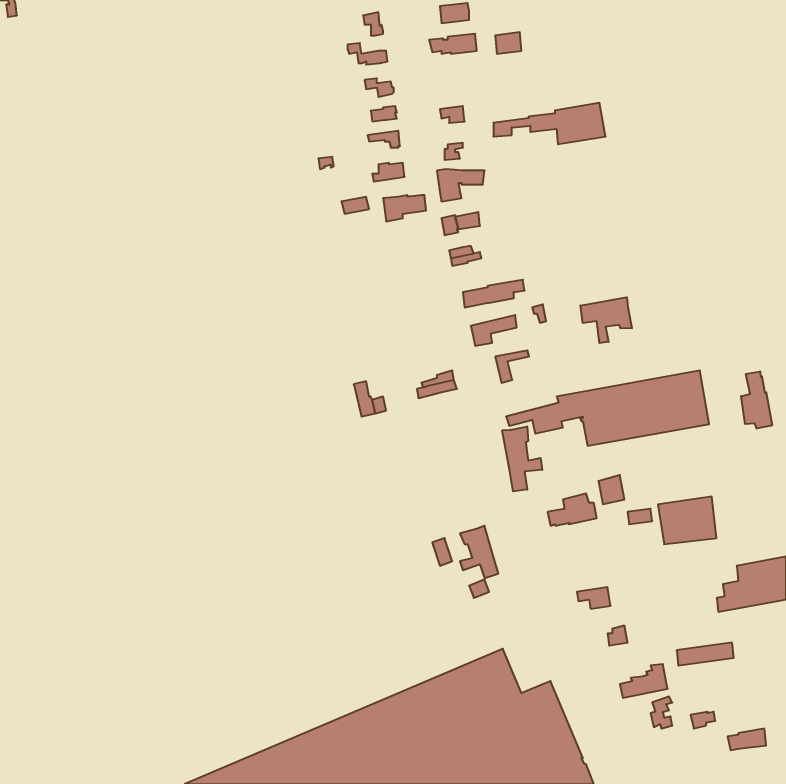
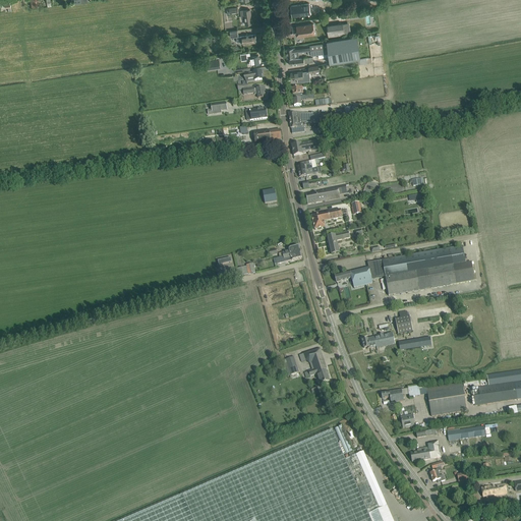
building: [493,103,606,144] -> [287,35,361,62]
building: [580,297,632,343] -> none
building: [741,371,772,429] -> none
building: [502,426,542,491] -> none
building: [658,497,716,544] -> [427,384,466,415]

